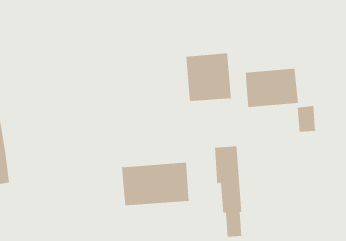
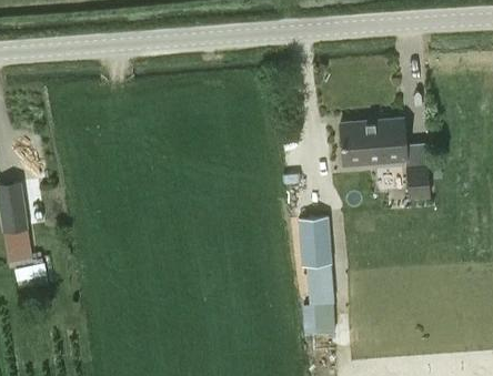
building: [186,52,231,102] -> none
building: [121,162,189,206] -> none

